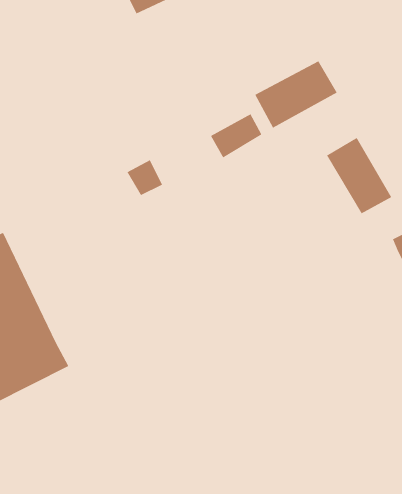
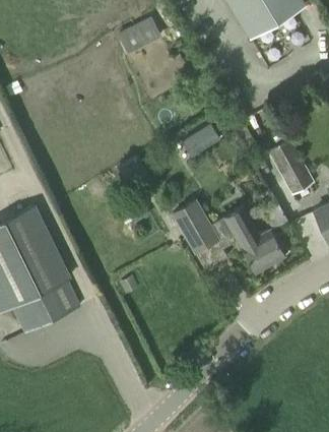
building: [255,60,338,129] -> none
building: none -> [174,200,286,272]

